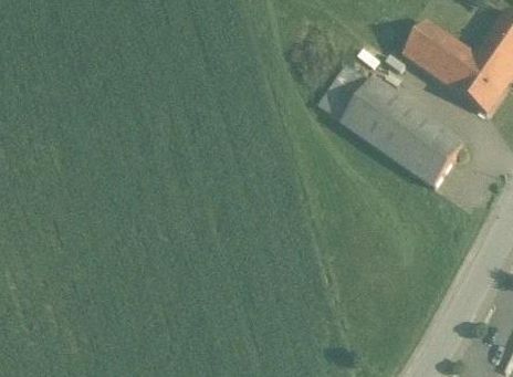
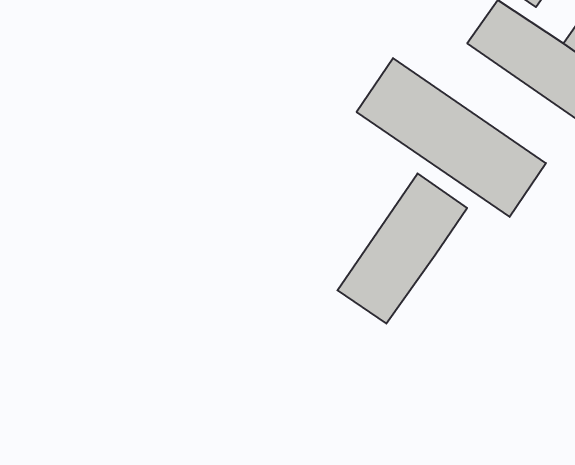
building: none -> [337,173,467,324]

